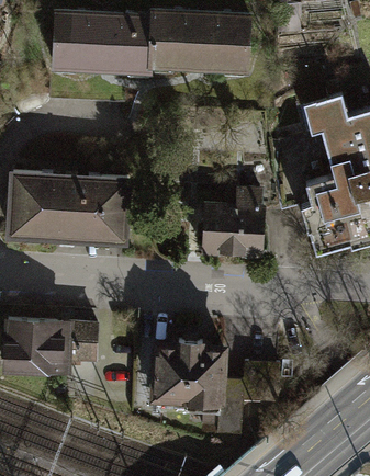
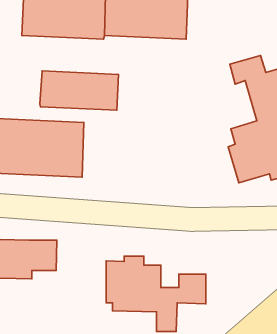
building: none -> [40,71,119,110]
building: [200,190,269,260] -> none

